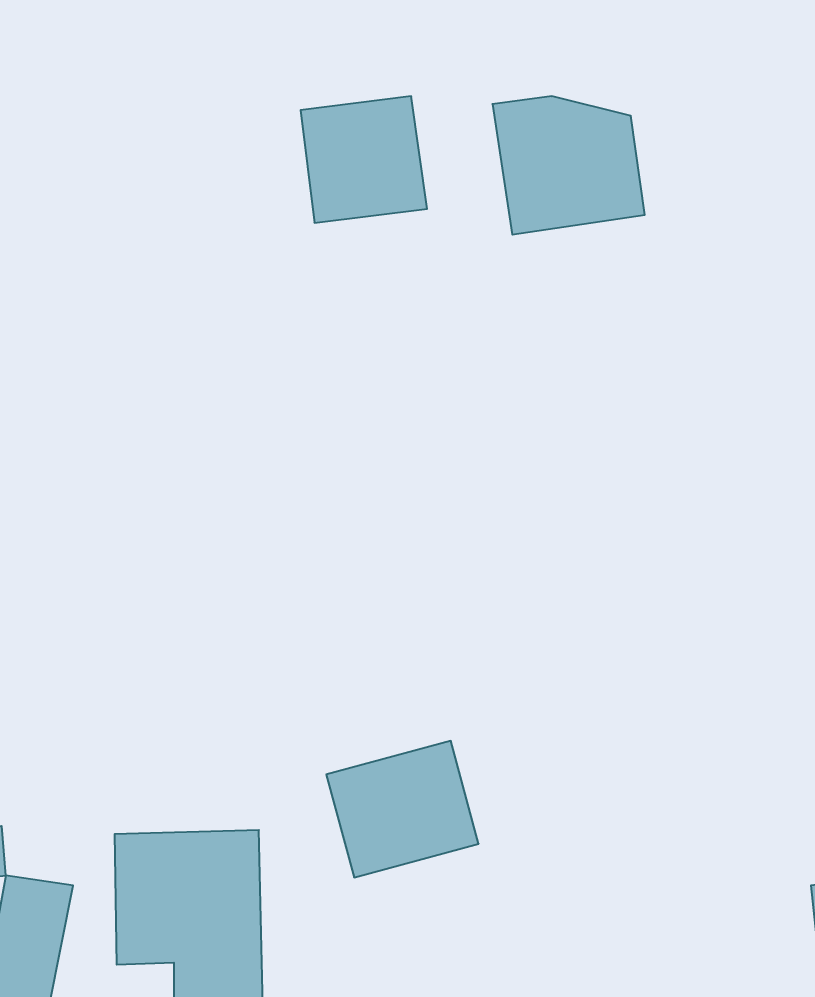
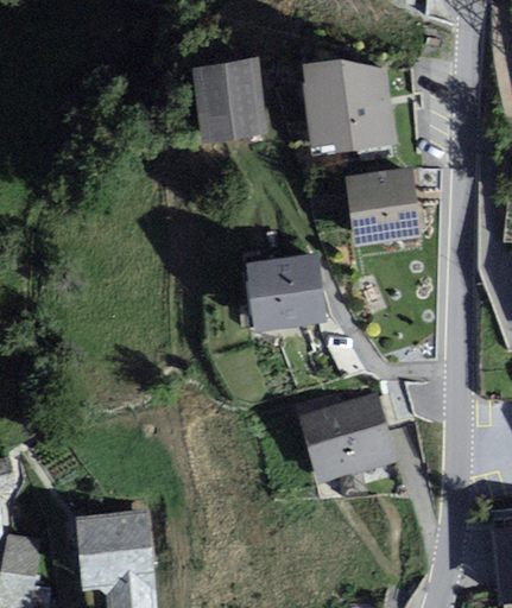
building: none -> [345,171,415,241]
building: none -> [244,258,321,322]
building: [326,741,479,877] -> [299,399,391,481]

